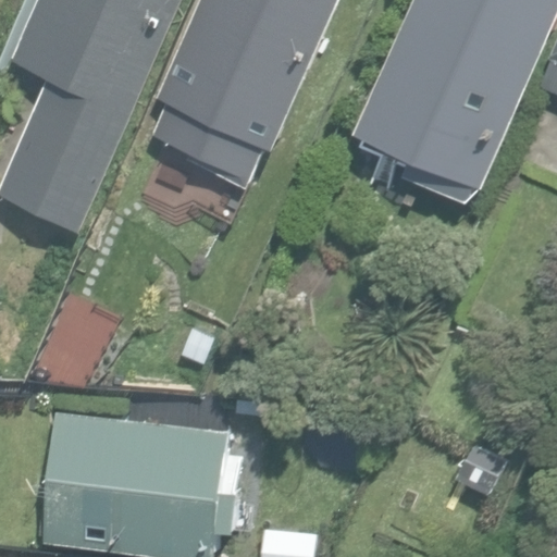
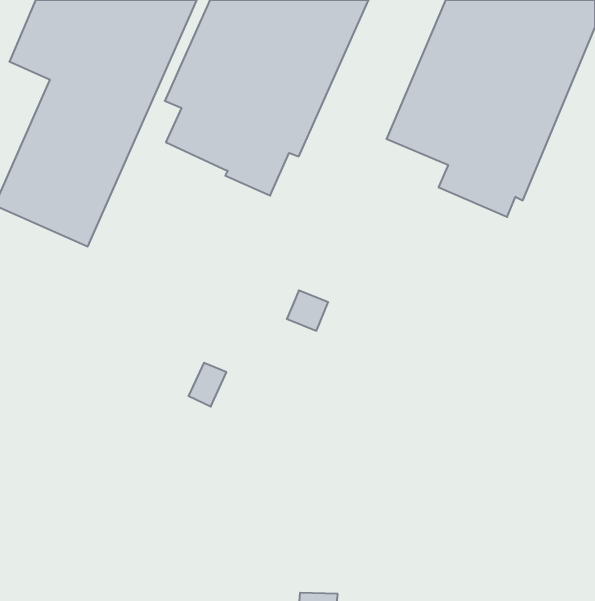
building: [36,414,232,550] -> none

